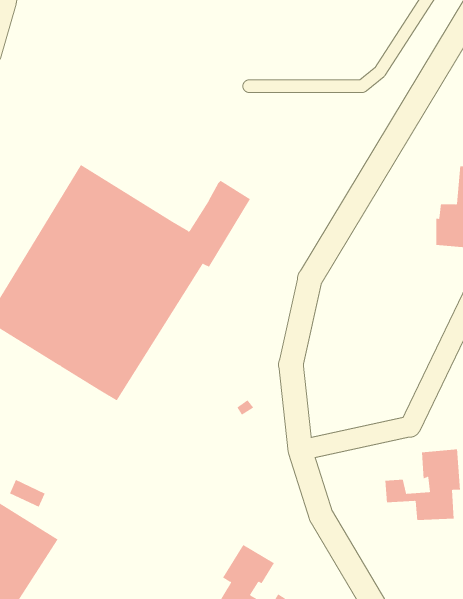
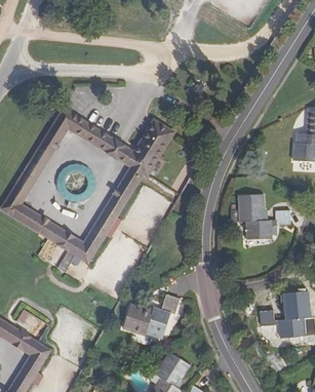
building: none -> [238,195,288,239]
building: none -> [122,295,179,338]

